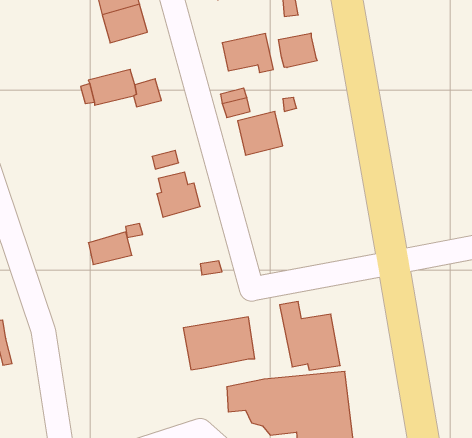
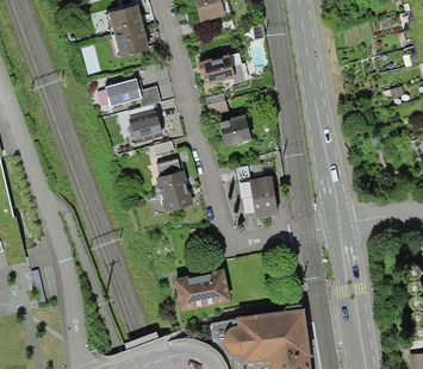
building: [278,33,317,68] -> none
building: none -> [127,113,162,145]
building: [88,232,132,265] -> [161,185,194,209]
building: [280,302,340,370] -> [234,164,280,217]

